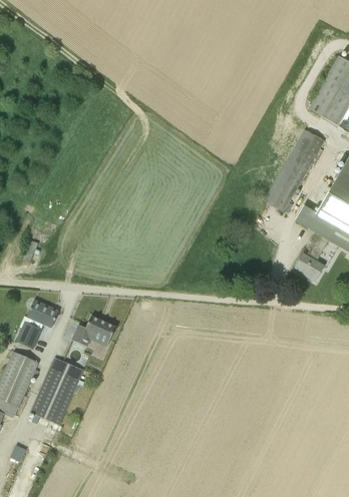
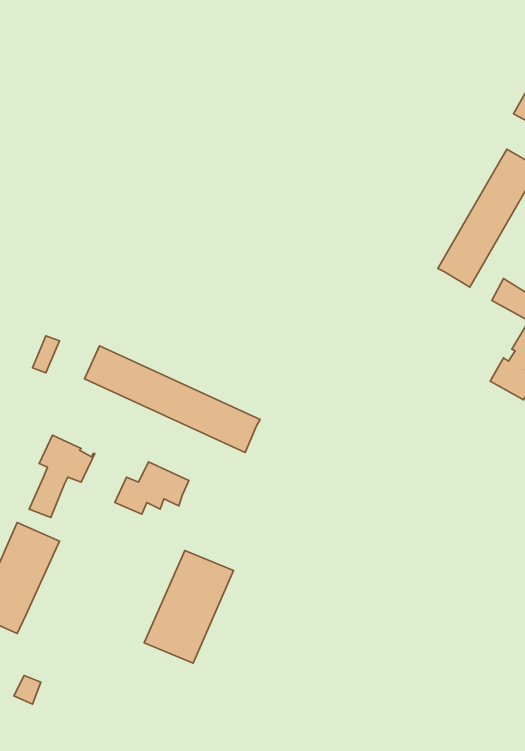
building: none -> [84,346,260,453]
building: [30,358,83,425] -> [144,550,233,663]

